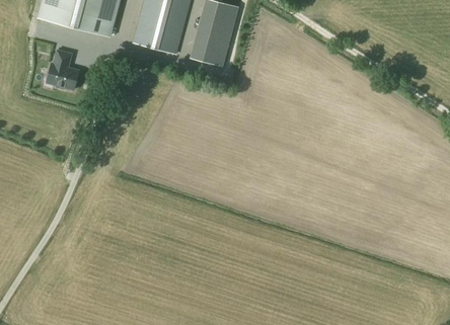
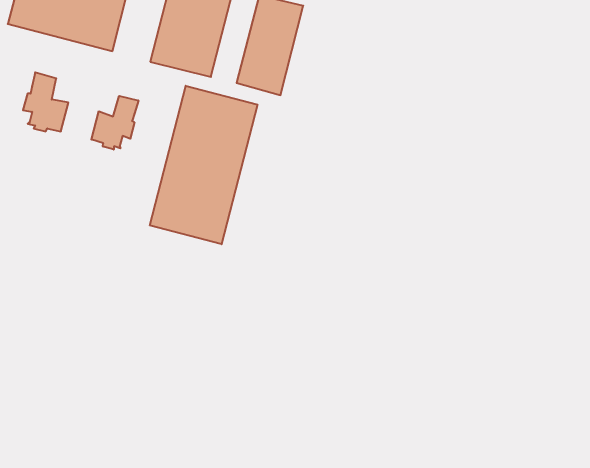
building: none -> [150,86,257,244]
building: none -> [91,96,138,150]

